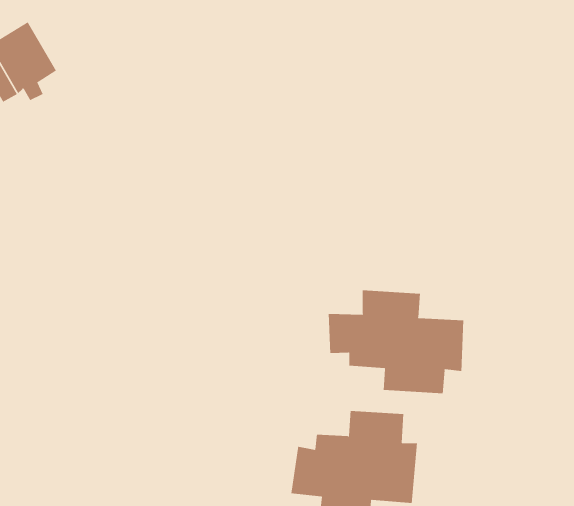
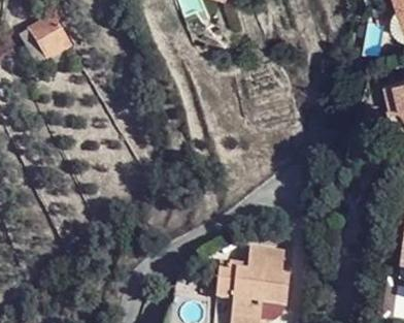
building: [328,289,464,394] -> none

